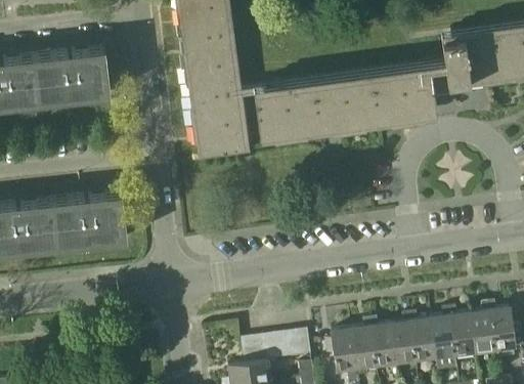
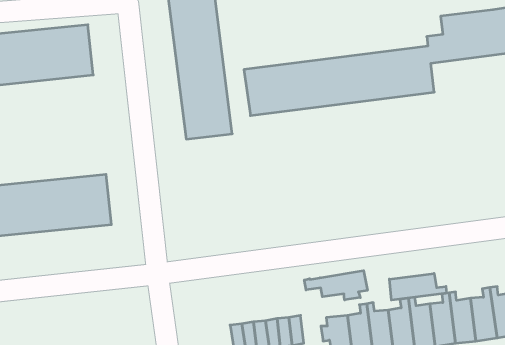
building: none -> [304,271,367,300]
building: none -> [389,273,446,300]

